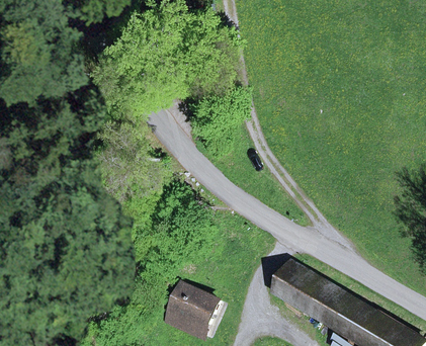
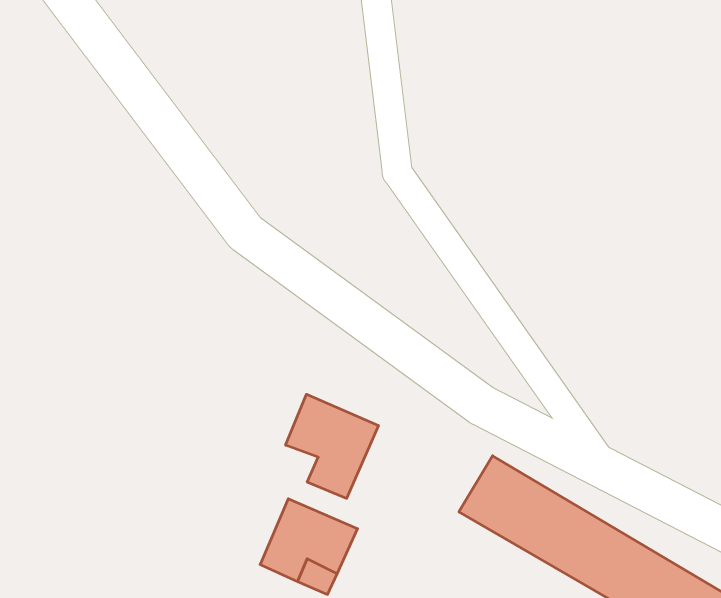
building: none -> [286,394,378,498]

